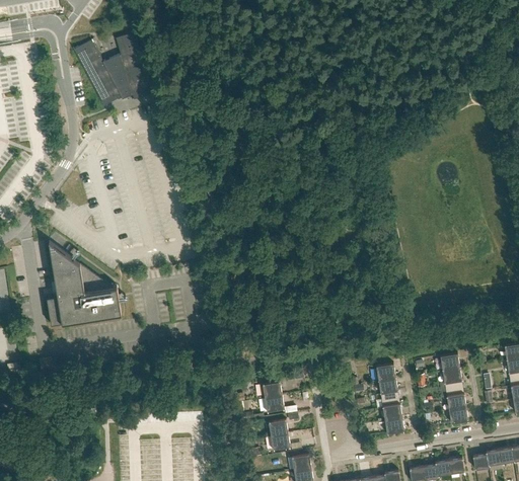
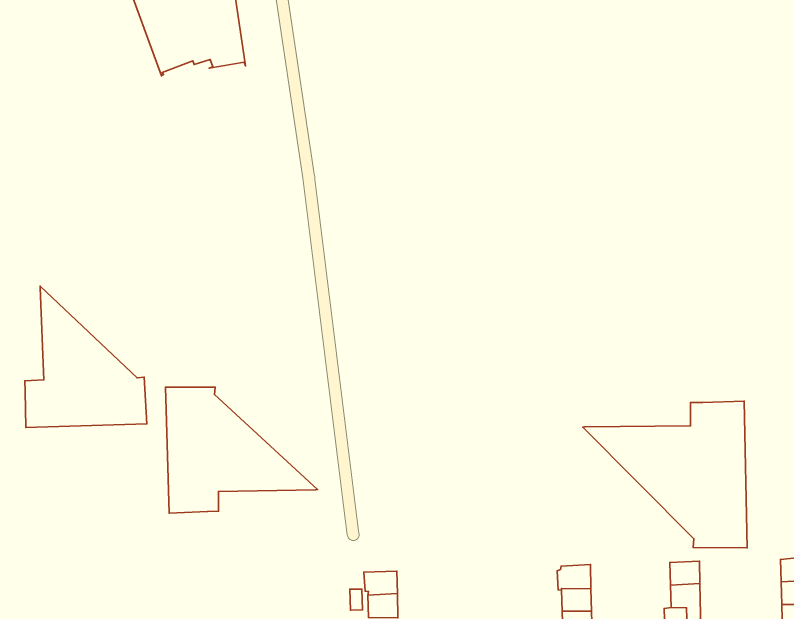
building: none -> [583,401,747,548]
building: none -> [165,387,317,513]

